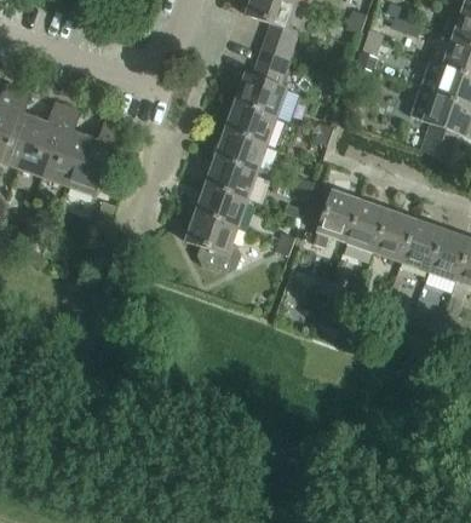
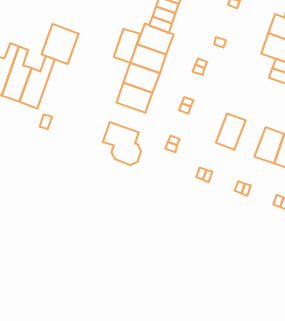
building: none -> [42,24,79,64]
building: none -> [114,29,140,63]
building: [195,184,246,226] -> none
building: [312,189,361,246] -> none
building: [372,209,415,260] -> none

